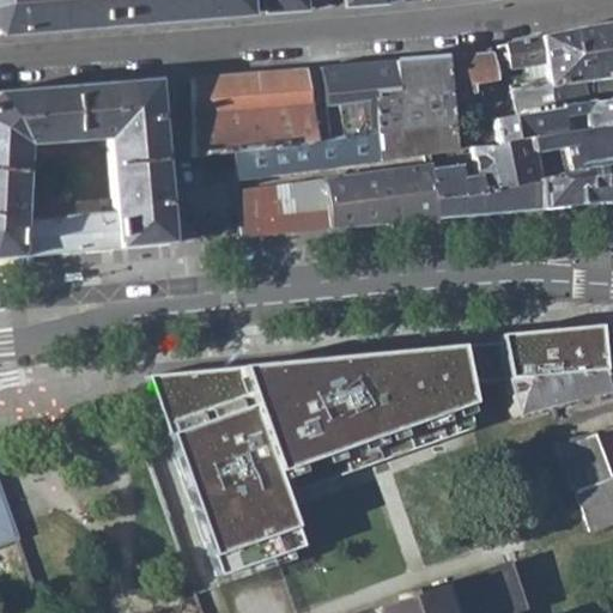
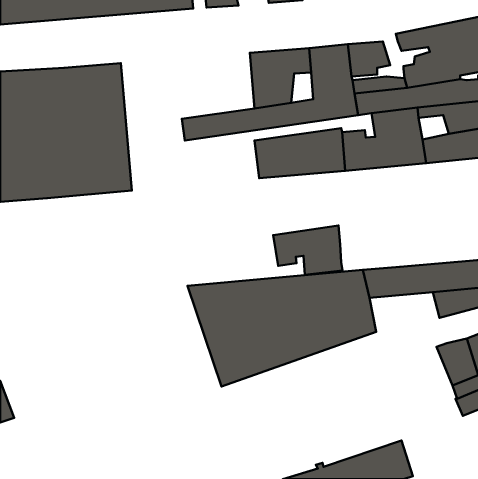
building: [193,67,328,157] -> none
building: [241,178,334,235] -> none
building: none -> [273,226,342,275]
building: [151,363,303,572] -> none
building: [512,371,563,415] -> none

